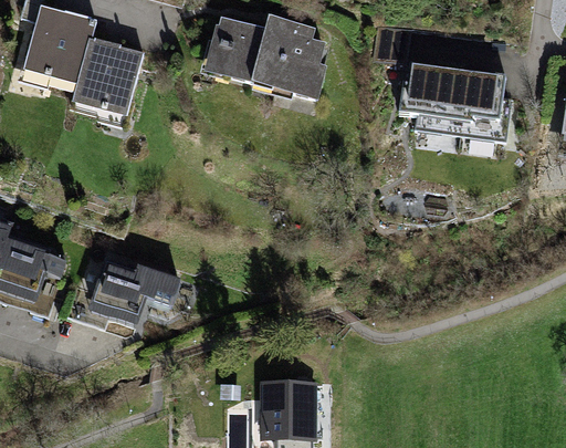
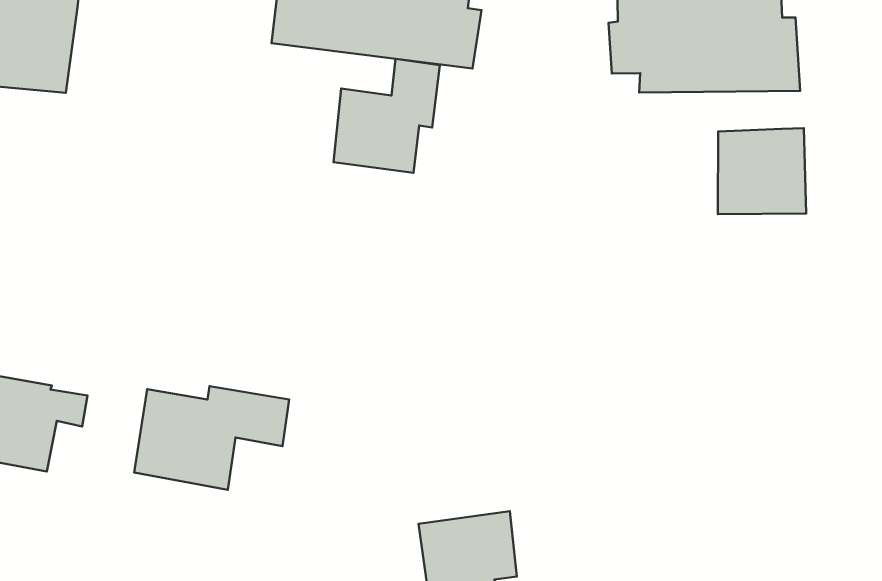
building: [73,35,145,123] -> none
building: none -> [333,59,440,173]
building: none -> [718,128,806,214]

